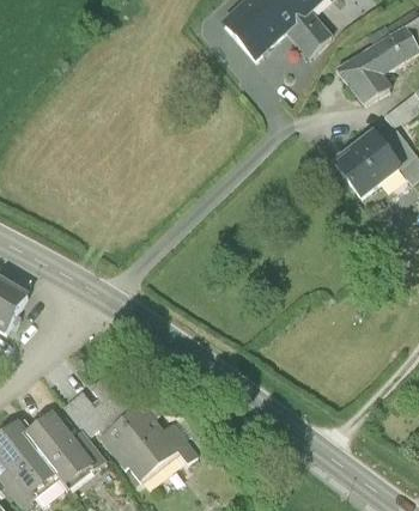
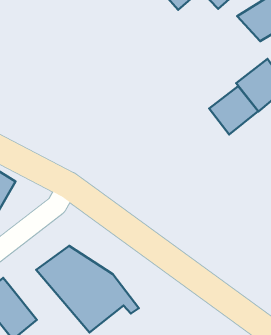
building: none -> [209,86,258,134]
building: [26,404,102,486] -> none

